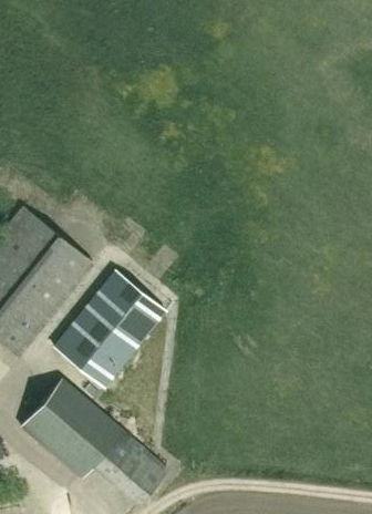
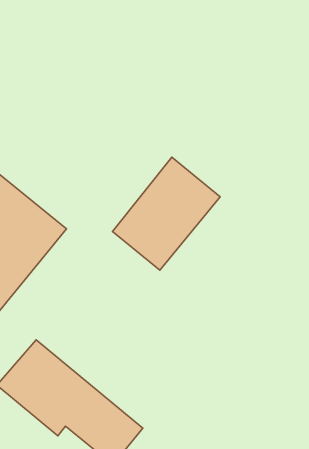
building: [54,270,165,387] -> [112,157,220,270]

